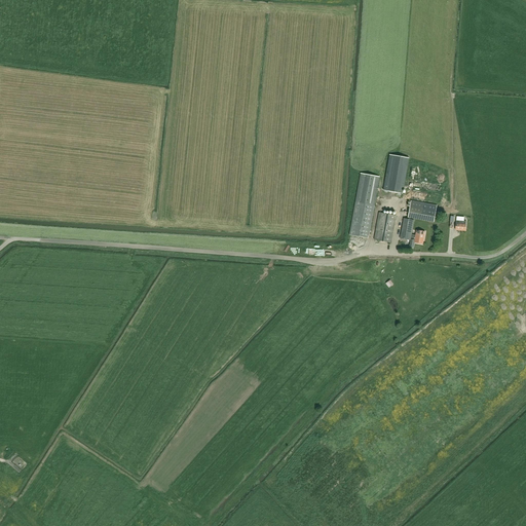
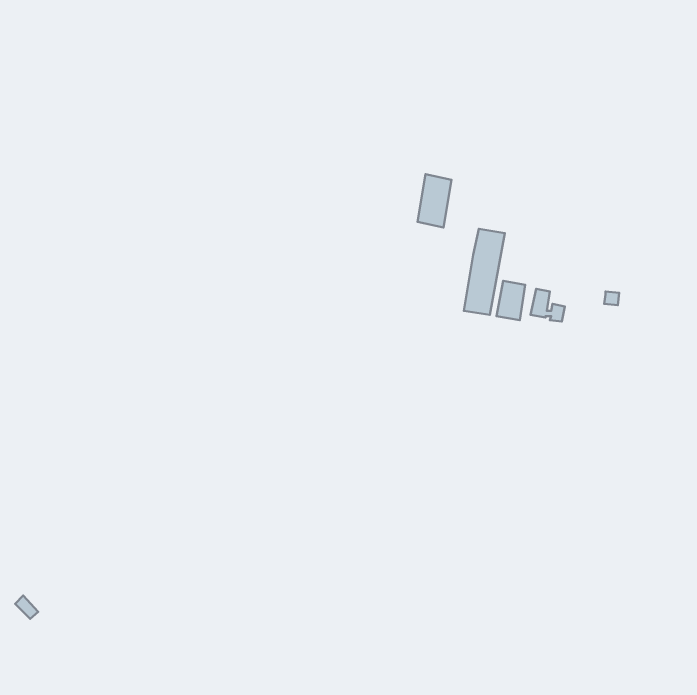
building: [383,153,409,193] -> [417,174,452,227]
building: [408,199,437,221] -> none

